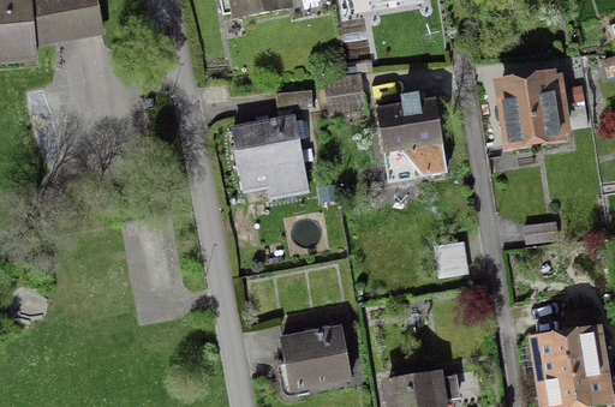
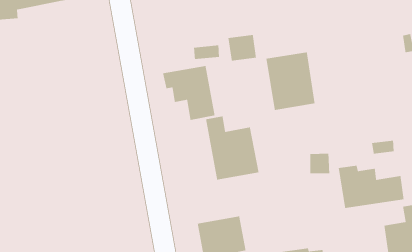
building: [501,76,566,142] -> none
building: none -> [205,116,259,181]
building: none -> [338,165,405,209]

